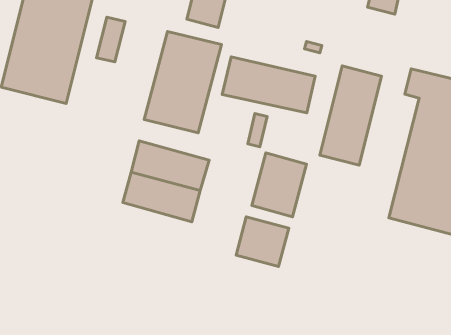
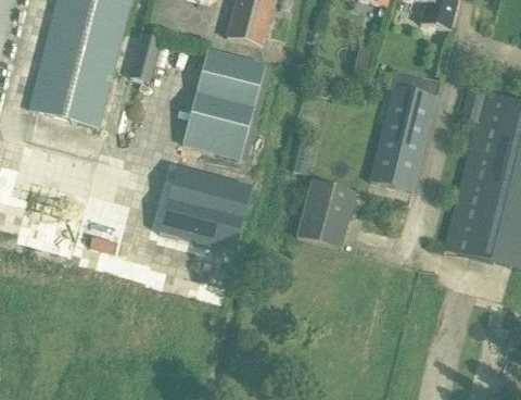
building: [222,57,315,113] -> none
building: [236,217,289,267] -> none

